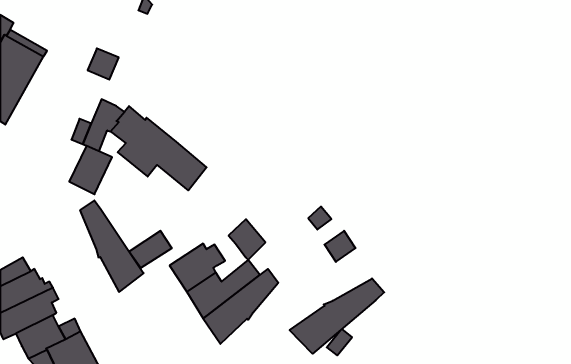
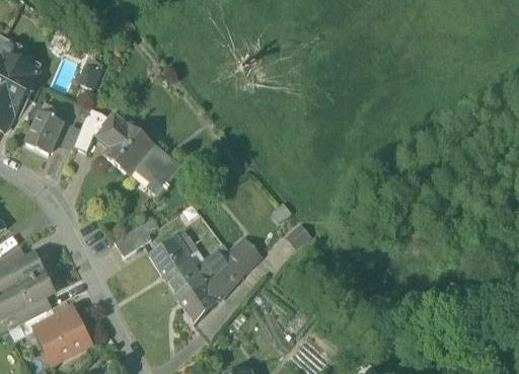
building: [69,146,112,194] -> [26,111,64,154]
building: [80,200,144,292] -> none
building: [229,219,265,260] -> [229,235,262,271]
building: [290,278,384,354] -> none

